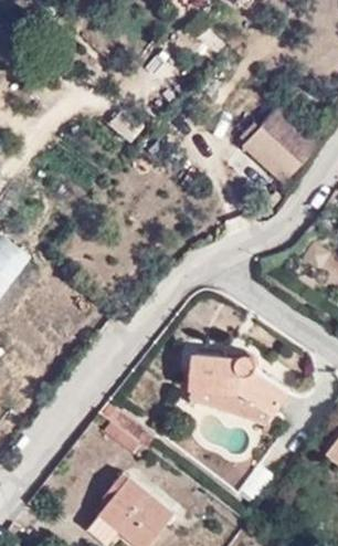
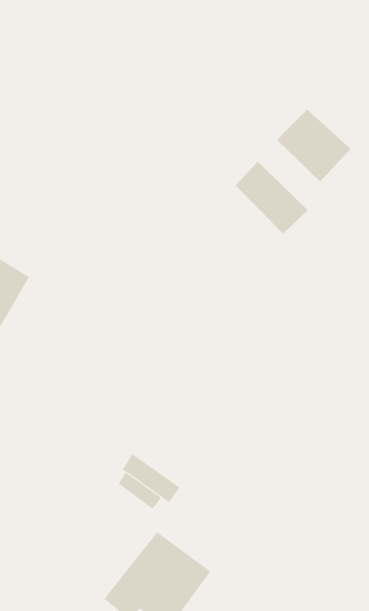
building: none -> [235,161,309,234]
building: [188,355,284,426] -> none

